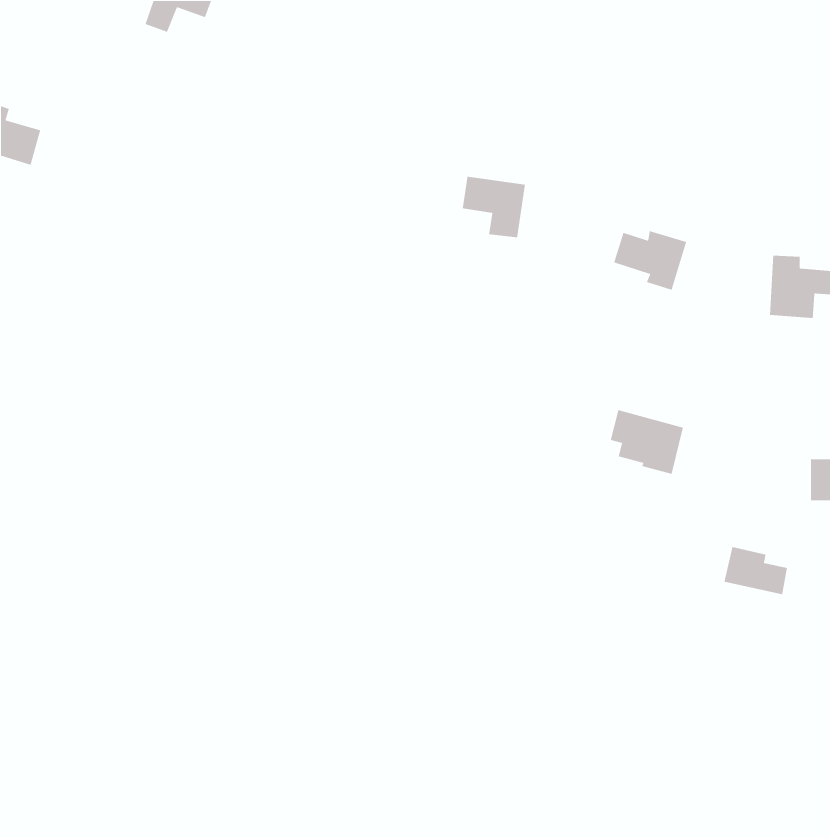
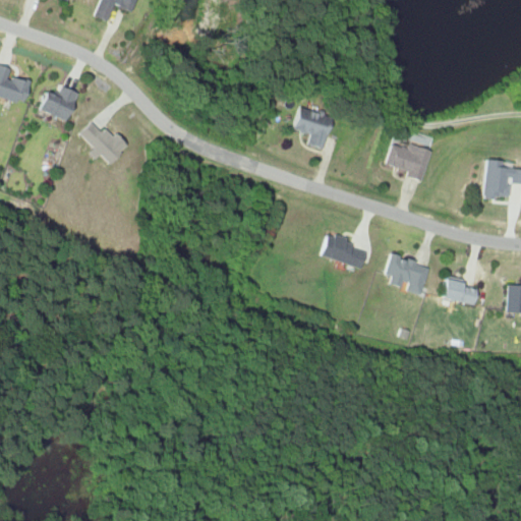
building: none -> [37,85,79,121]
building: none -> [78,122,129,164]
building: none -> [319,233,366,268]
building: [724,546,788,595] -> [439,275,478,305]

